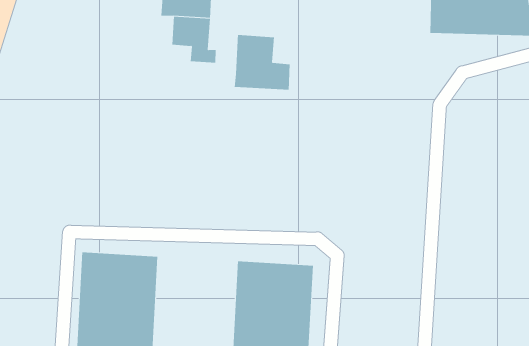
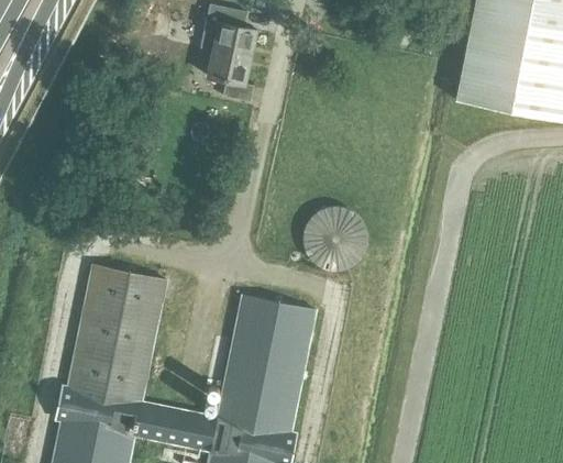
building: [234,34,290,91] -> none
building: none -> [302,209,368,276]

